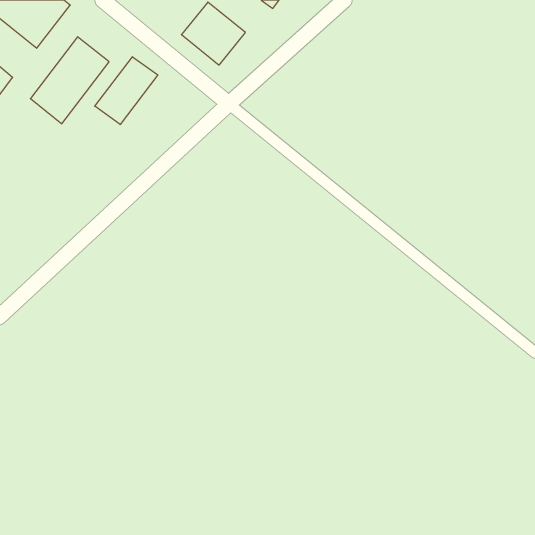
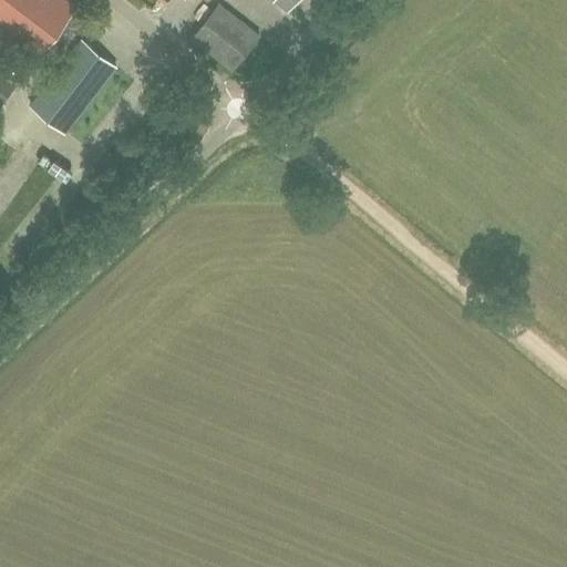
building: [95,57,158,125] -> none

